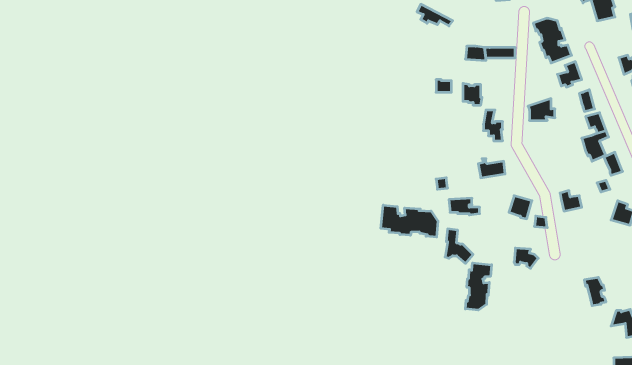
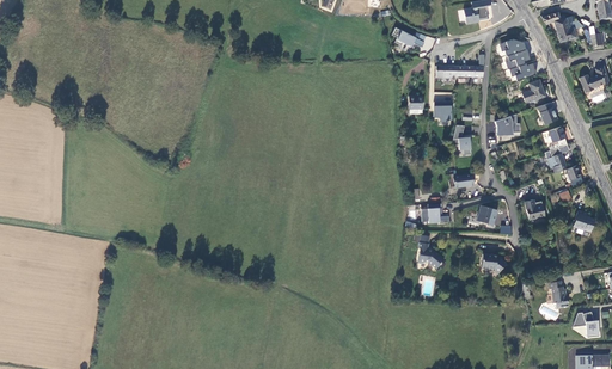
building: [381,205,438,237] -> none
building: [465,263,492,310] -> none

